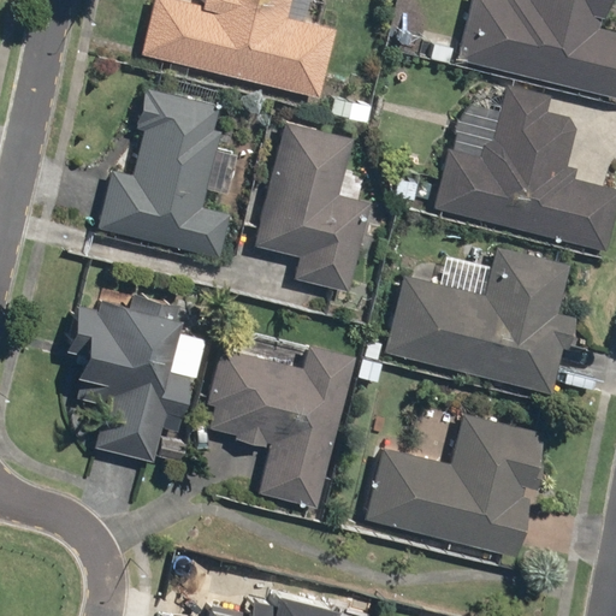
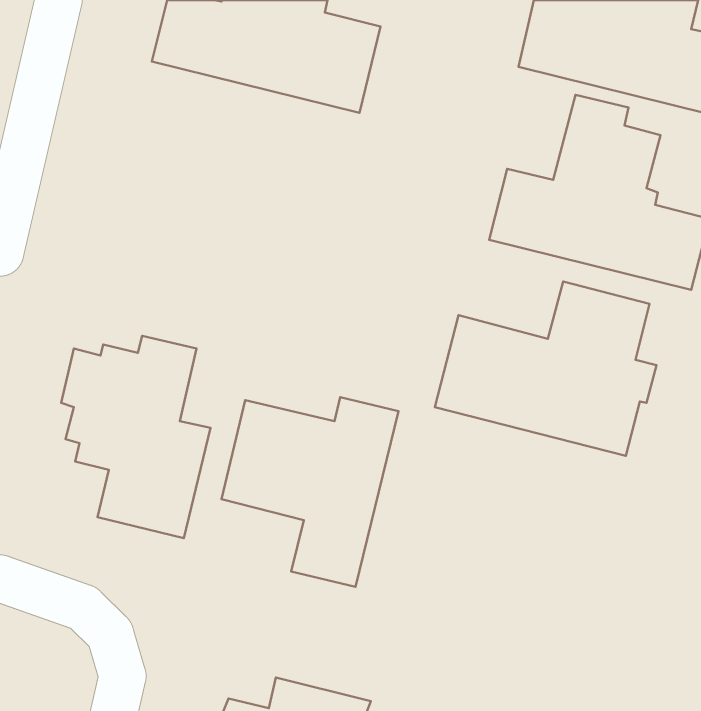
building: [97,87,239,259] -> none
building: [255,119,369,289] -> none
building: [366,411,550,556] -> none

